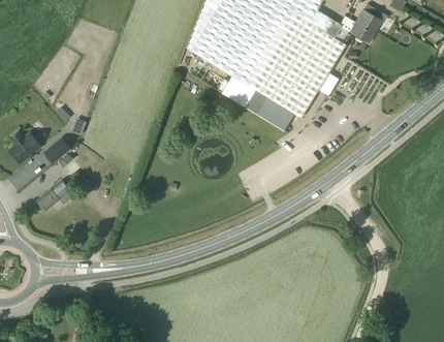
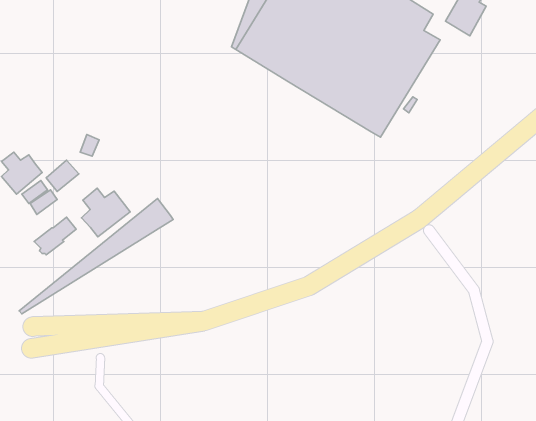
building: [221,77,293,130] -> none
building: none -> [82,188,130,237]
building: none -> [19,198,173,314]

